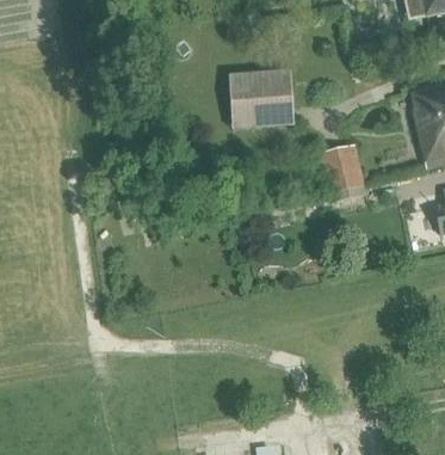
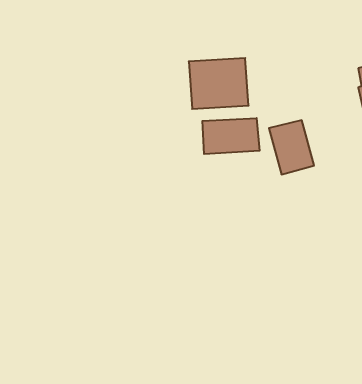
building: none -> [202,118,260,154]

